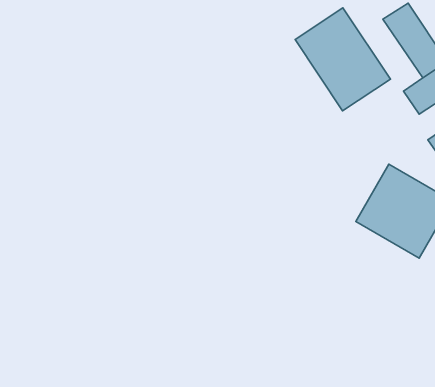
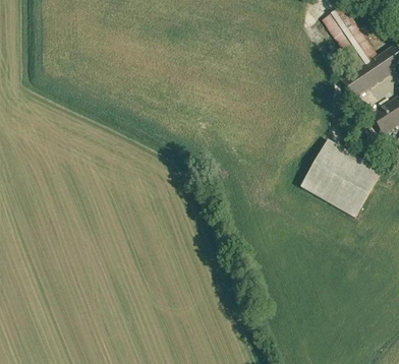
building: [295,8,390,111] -> none

